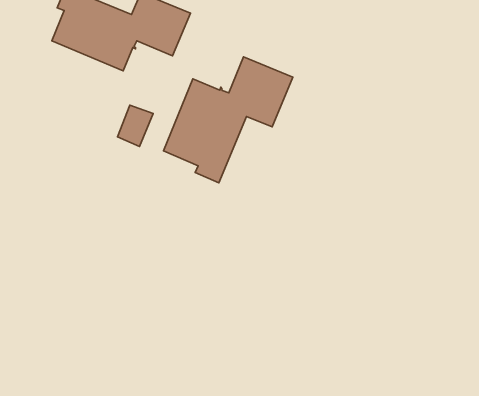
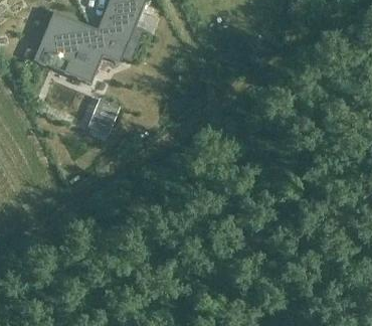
building: [163,57,293,183] -> none

